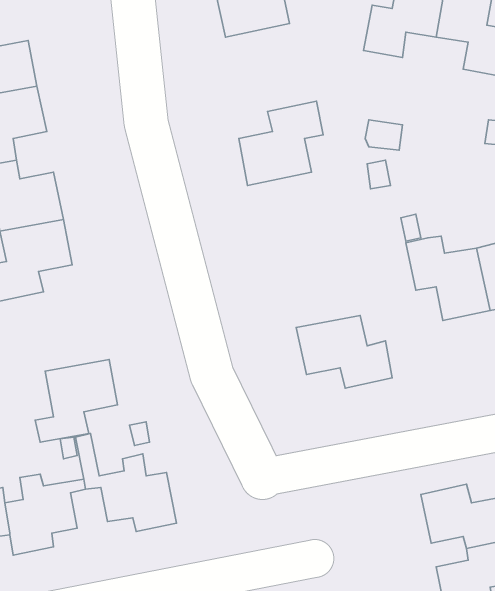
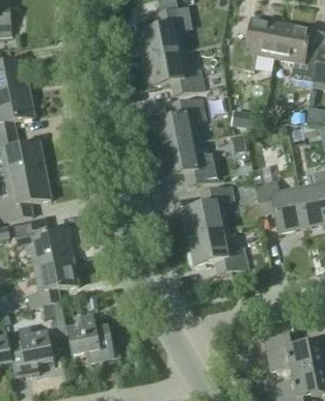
building: none -> [144,50,204,95]
building: none -> [158,141,217,185]
building: none -> [183,185,233,236]
building: none -> [13,219,73,263]

